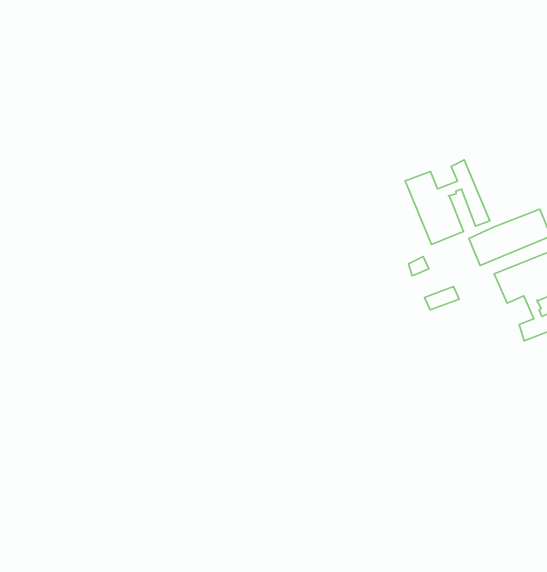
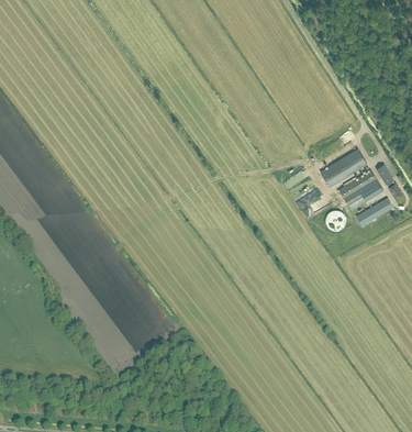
building: [405,160,490,245] -> none

